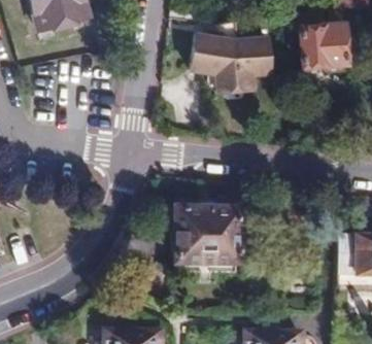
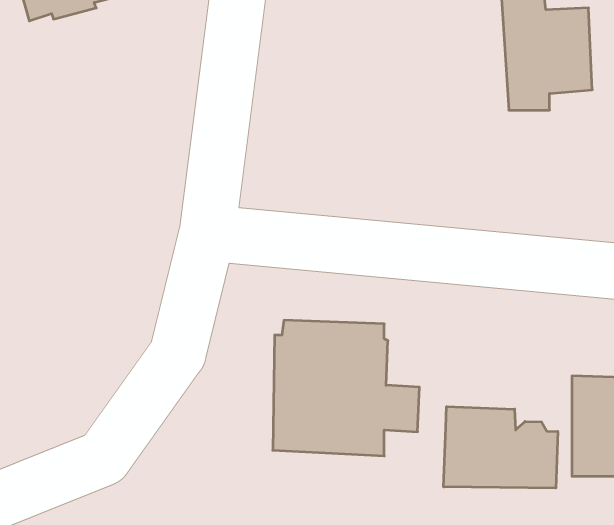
building: [193,32,271,97] -> none
building: none -> [444,407,558,488]

